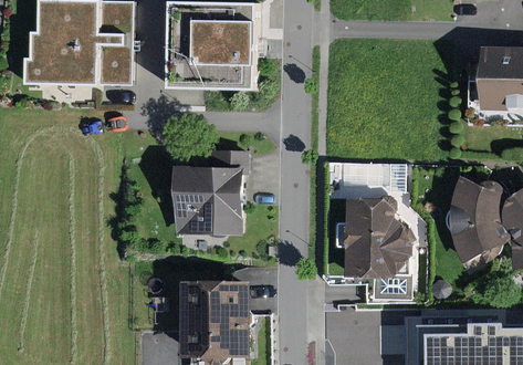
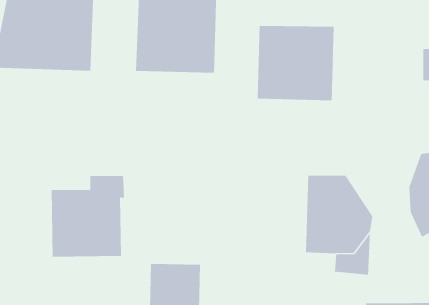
building: none -> [257,25,334,101]
building: [170,149,247,233] -> [51,176,125,257]

